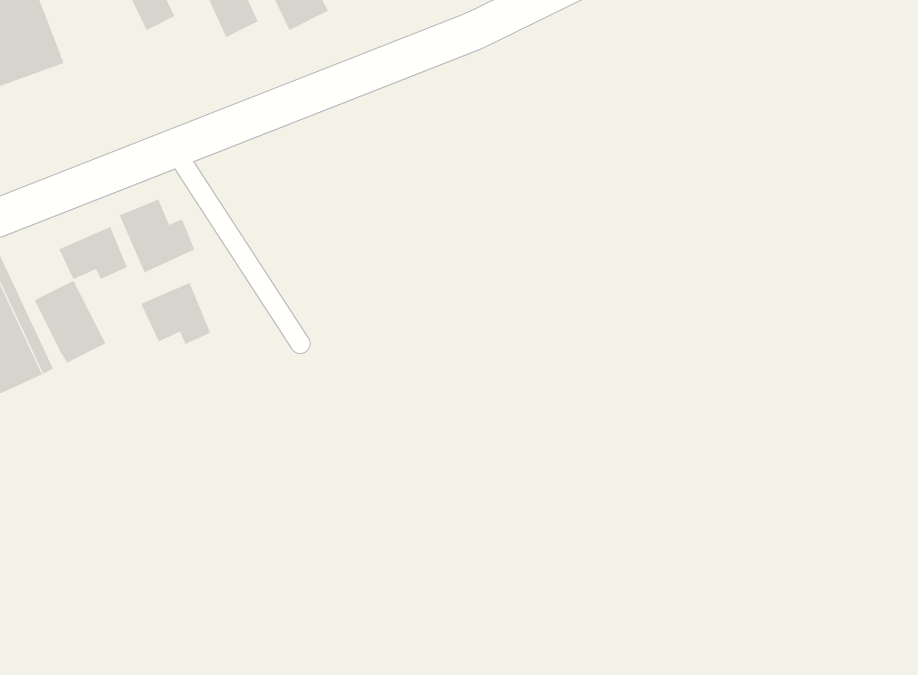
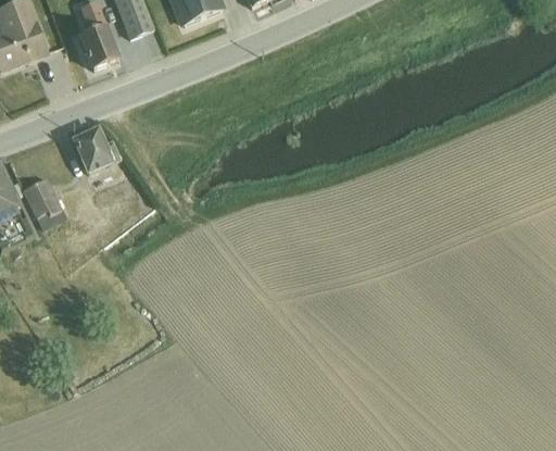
building: none -> [75,24,113,67]
building: [59,226,127,280] -> none
building: [141,282,211,345] -> none

